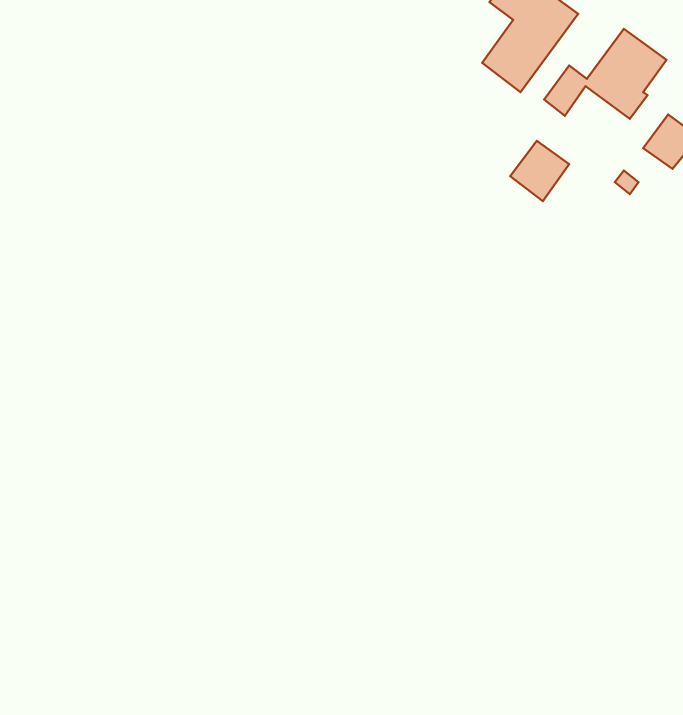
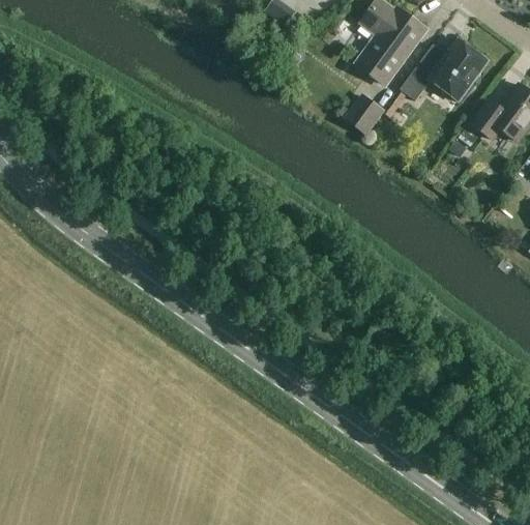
building: [510,141,569,201] -> [345,93,386,136]

